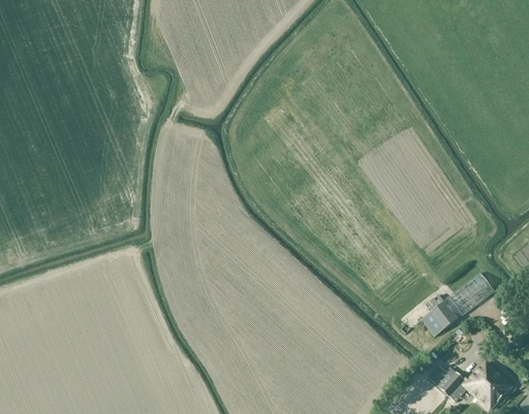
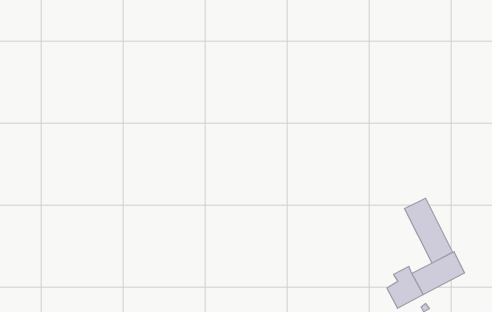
building: none -> [404,198,452,263]

